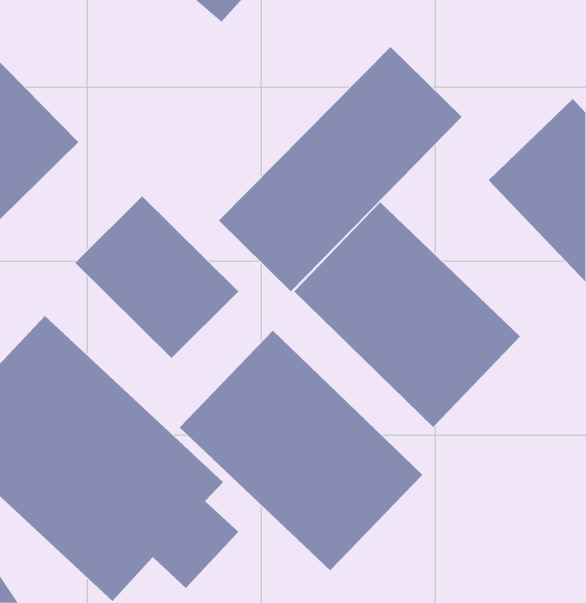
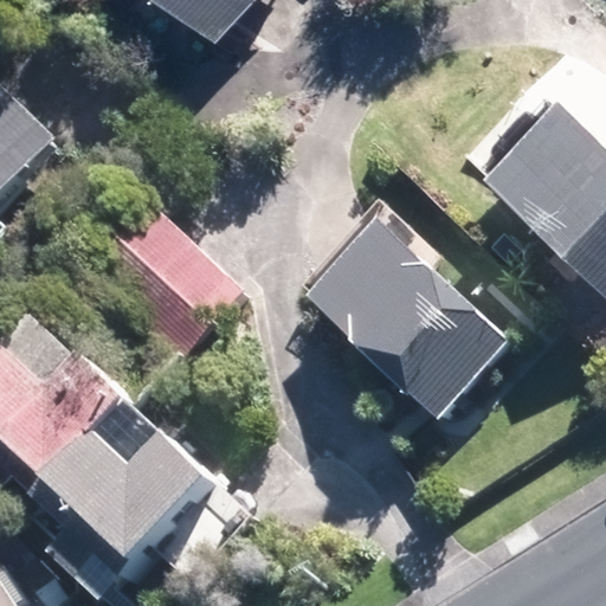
building: [218,46,462,292] -> none
building: [179,330,423,571] -> none

